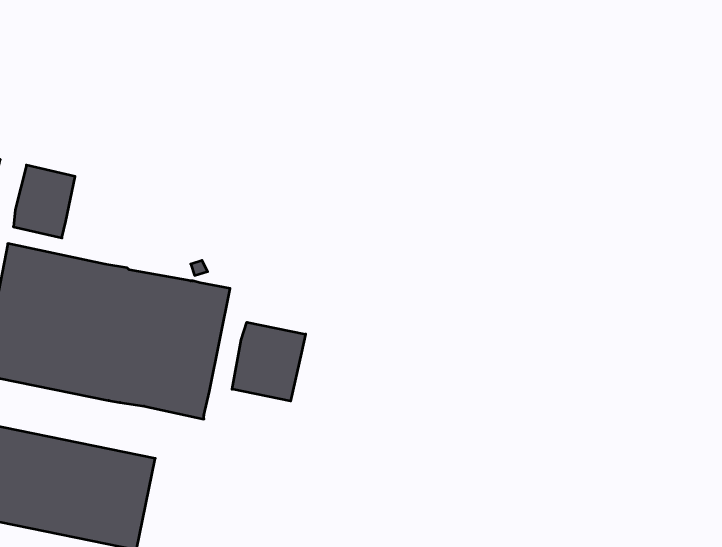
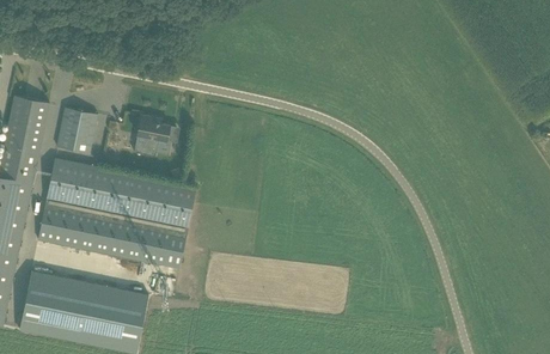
building: none -> [138,115,171,155]
building: [232,322,306,401] -> none

